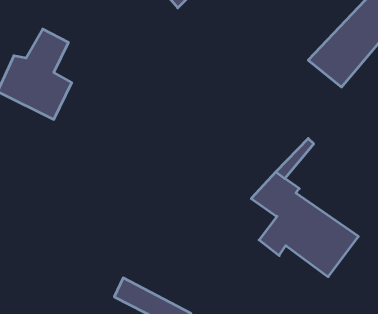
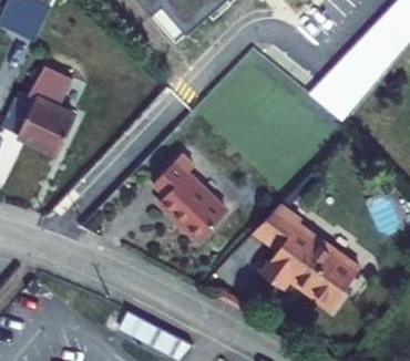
building: none -> [151,155,226,240]

